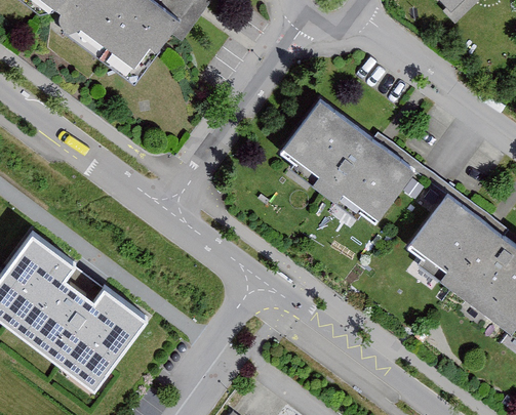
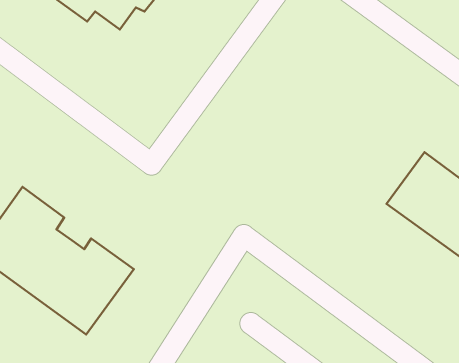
building: [280,98,415,221] -> none

